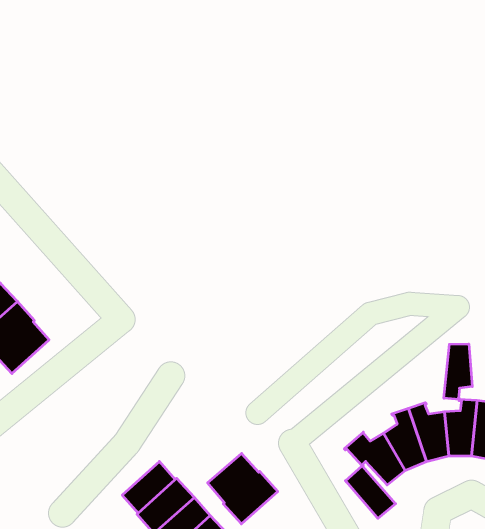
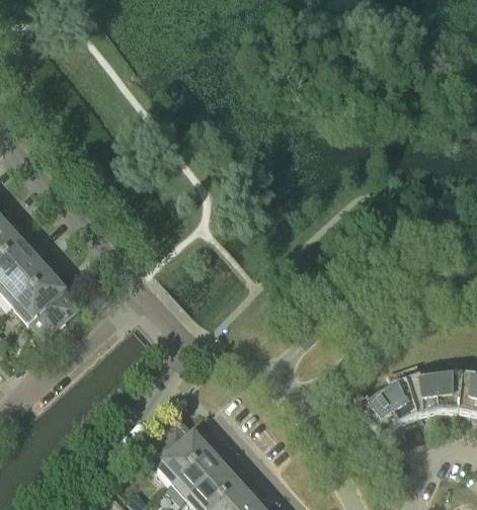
building: [444,344,472,399] -> none
building: [208,453,278,524] -> none
building: [345,466,396,518] -> none

